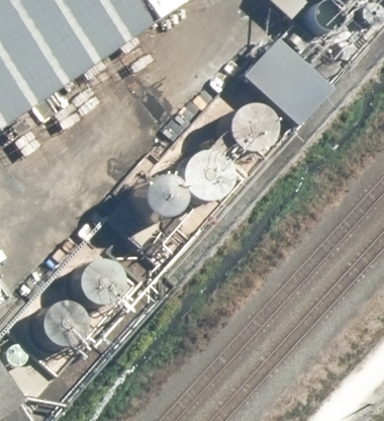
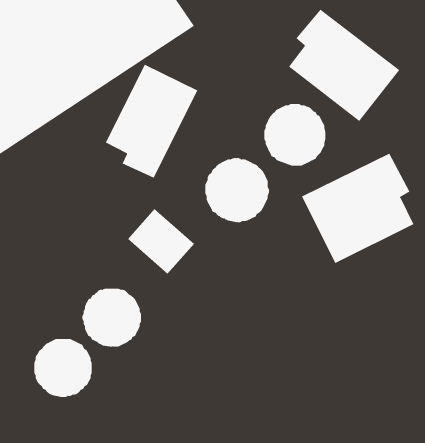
building: none -> [105,64,198,178]
building: none -> [301,153,414,264]

